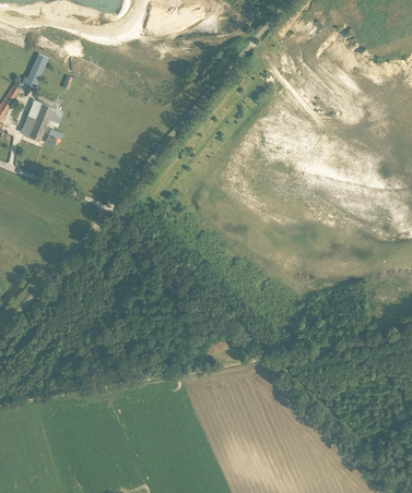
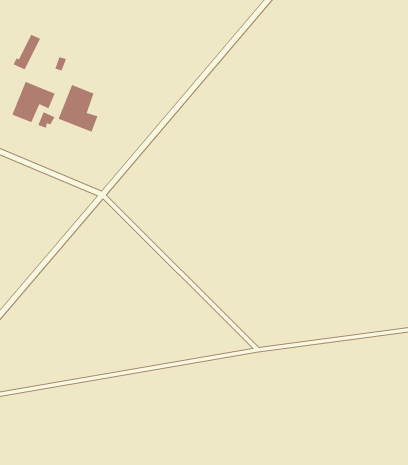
building: none -> [58,84,98,133]

